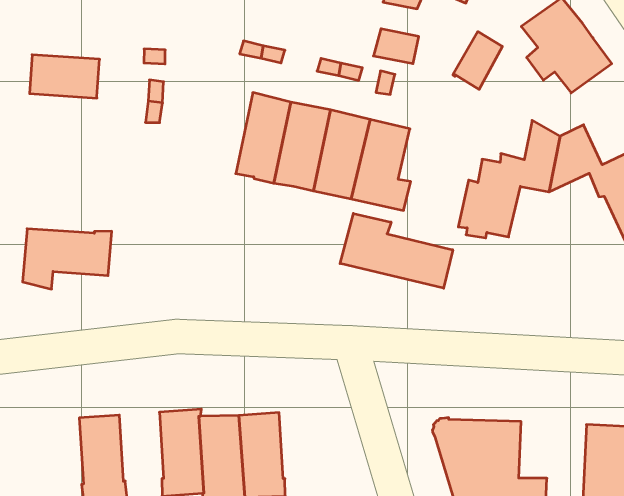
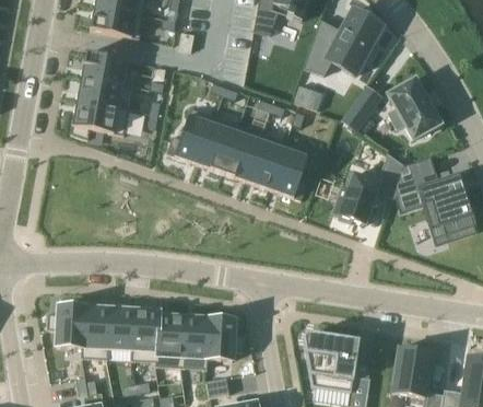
building: none -> [81,51,127,83]
building: none -> [166,107,215,164]
building: [340,213,453,288] -> none
building: [23,229,112,289] -> [70,100,129,139]
building: none -> [207,316,245,359]
building: none -> [107,306,134,349]
building: none -> [47,303,84,347]

